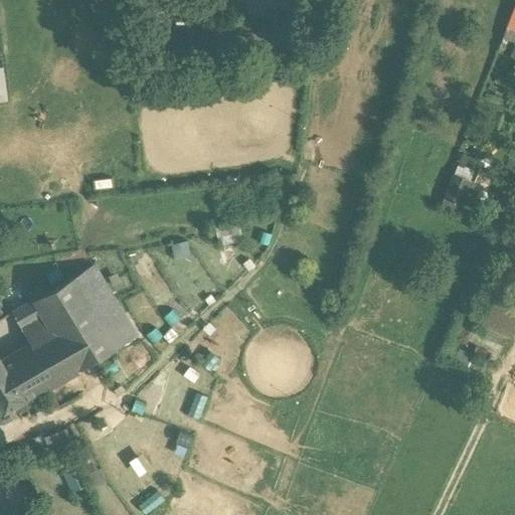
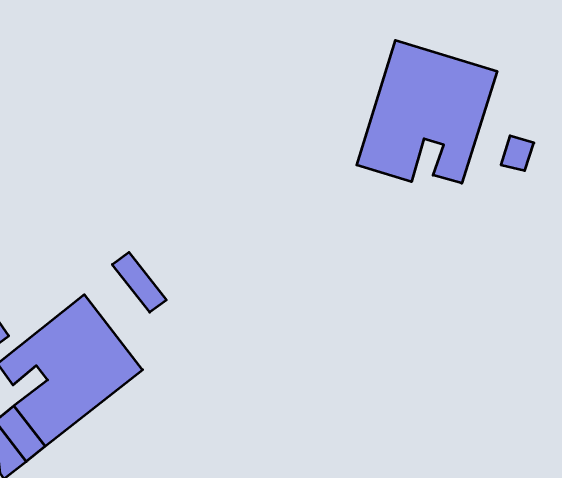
building: none -> [357,40,497,183]
building: none -> [112,252,166,312]

